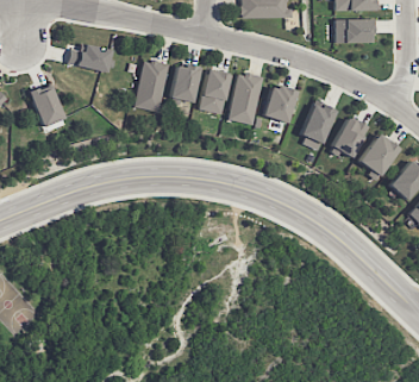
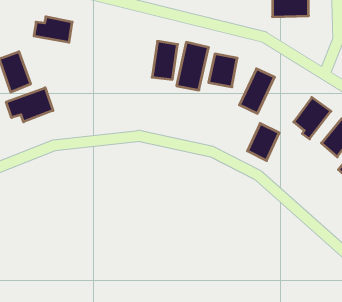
building: [133,58,169,112] -> none
building: [170,62,200,102] -> none
building: [332,115,368,157] -> [247,123,279,161]
building: none -> [6,88,53,122]

